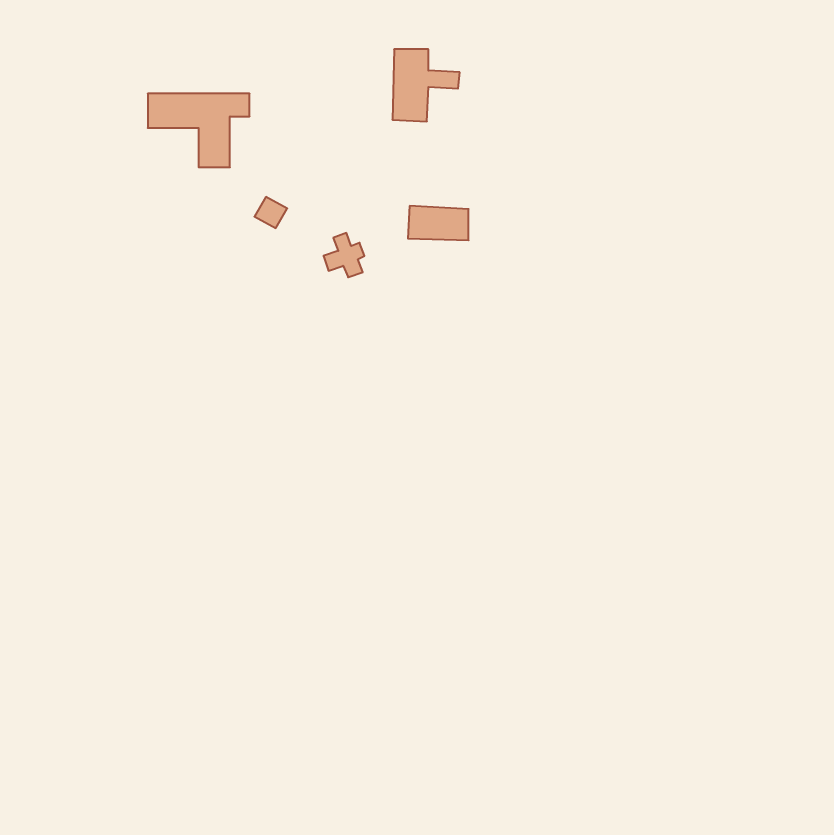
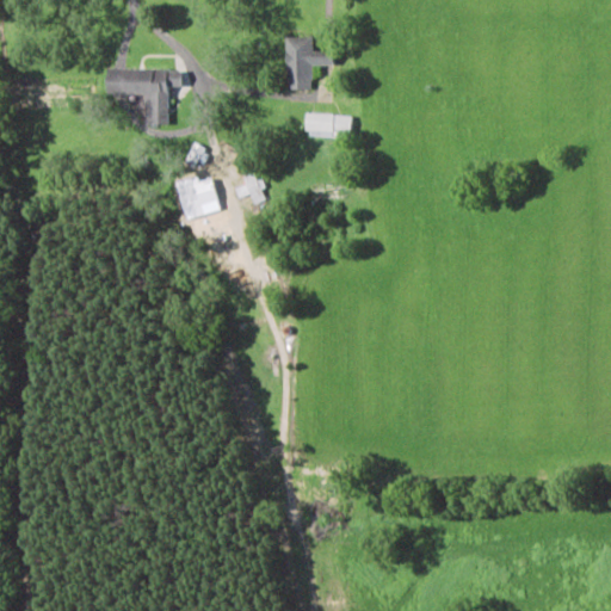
building: [408,206,469,240] -> [306,115,350,140]
building: none -> [175,177,217,220]

